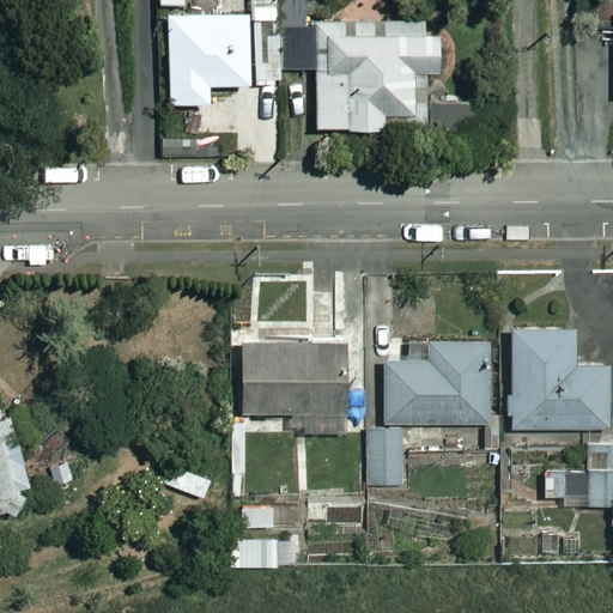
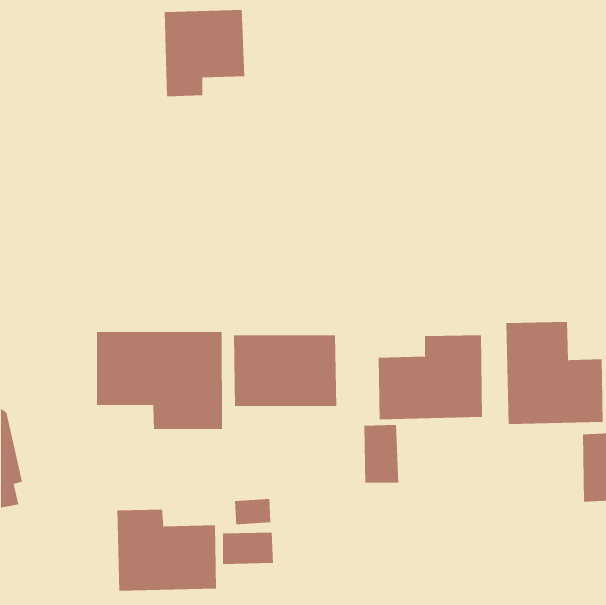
building: [289,22,436,127] -> none
building: none -> [96,331,223,430]
building: none -> [117,509,217,591]

